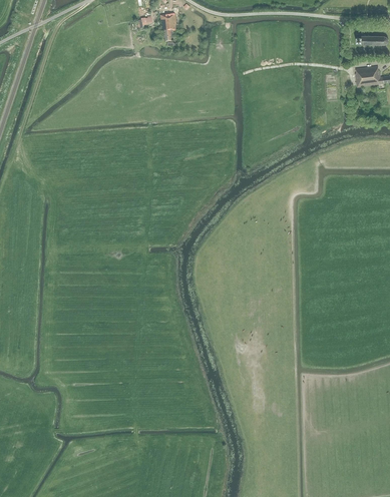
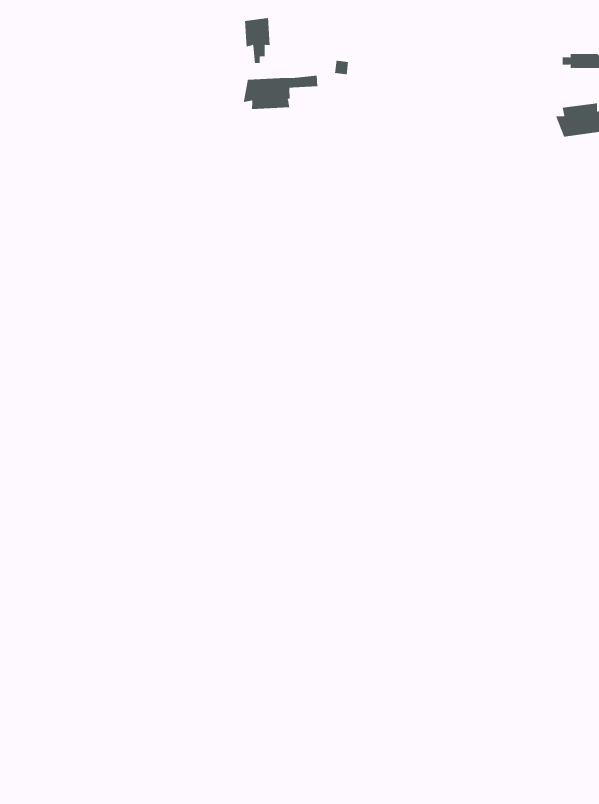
building: none -> [243,75,318,110]

